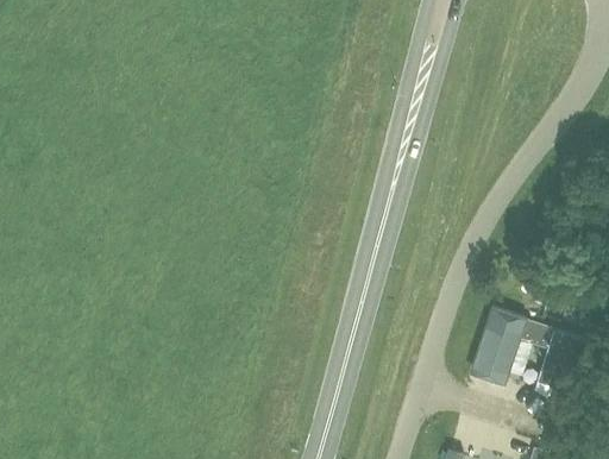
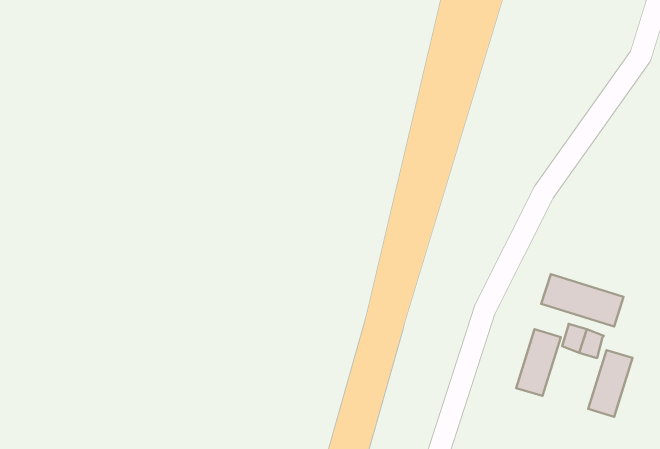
building: none -> [541,274,624,327]

